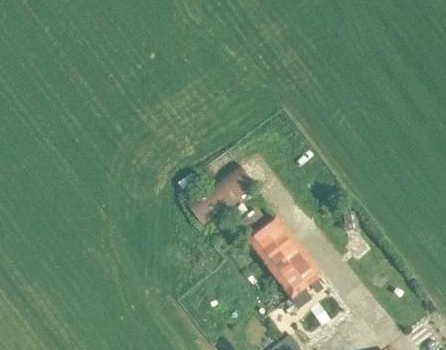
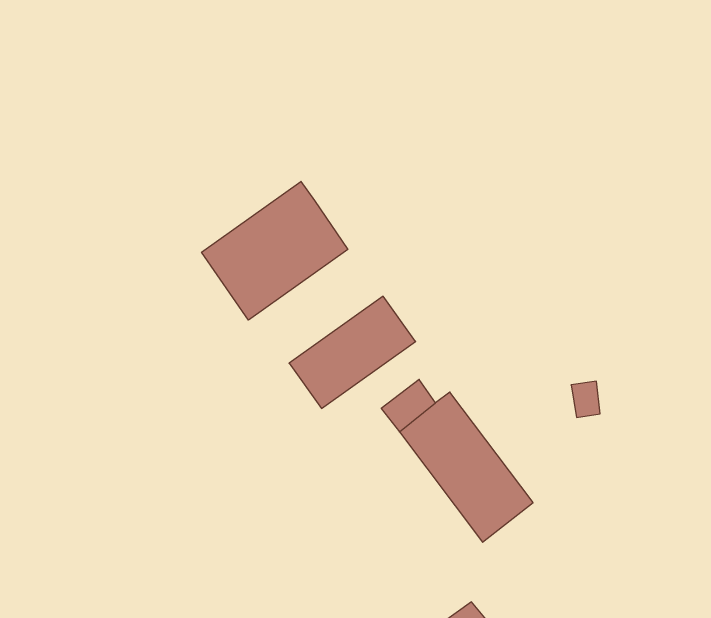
building: none -> [202,181,348,320]

